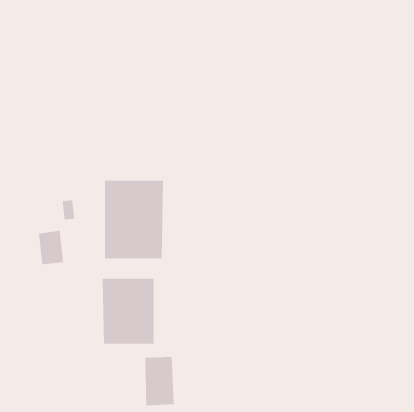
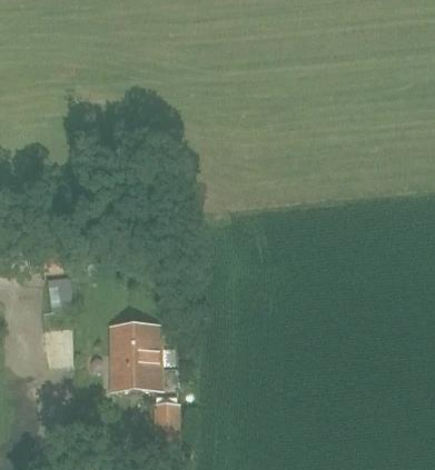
building: [104,180,164,259] -> none

